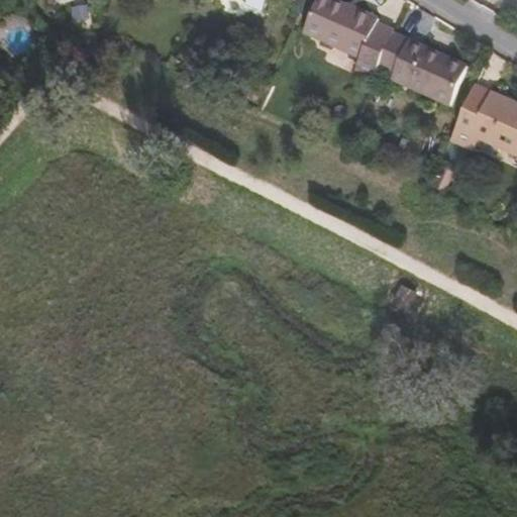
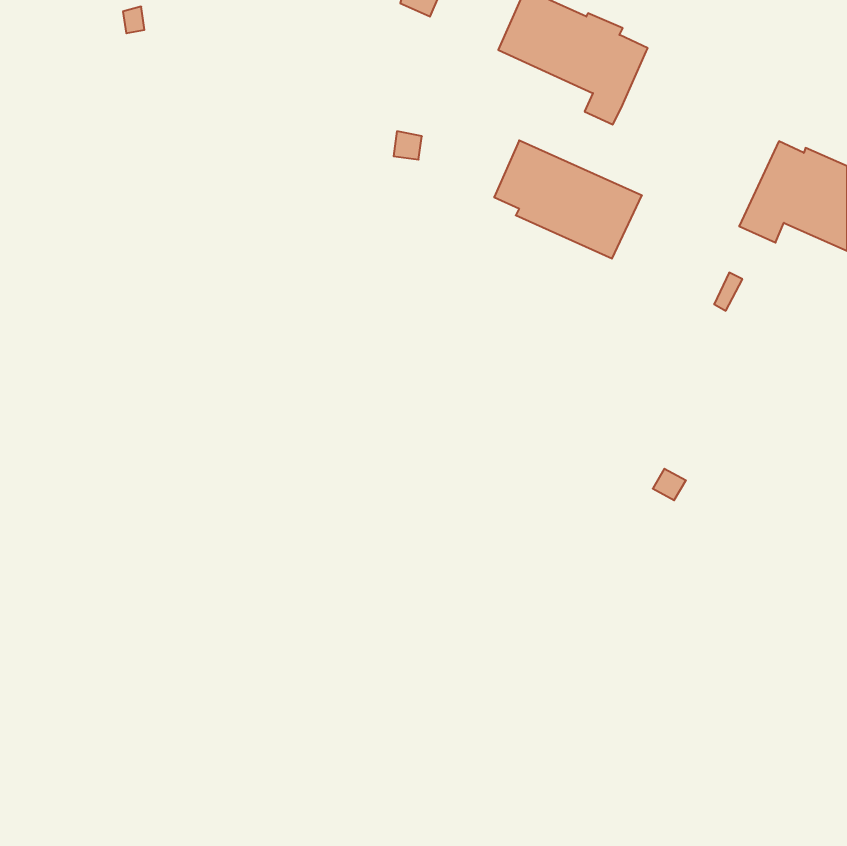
building: [378,31,468,103] -> [494,140,642,259]

